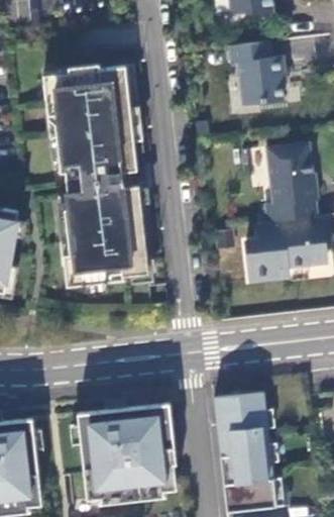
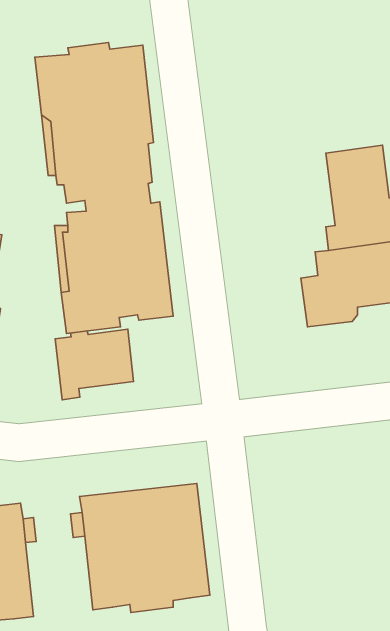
building: [229,42,286,107] -> none
building: none -> [55,329,134,400]
building: [214,391,285,511] -> none

